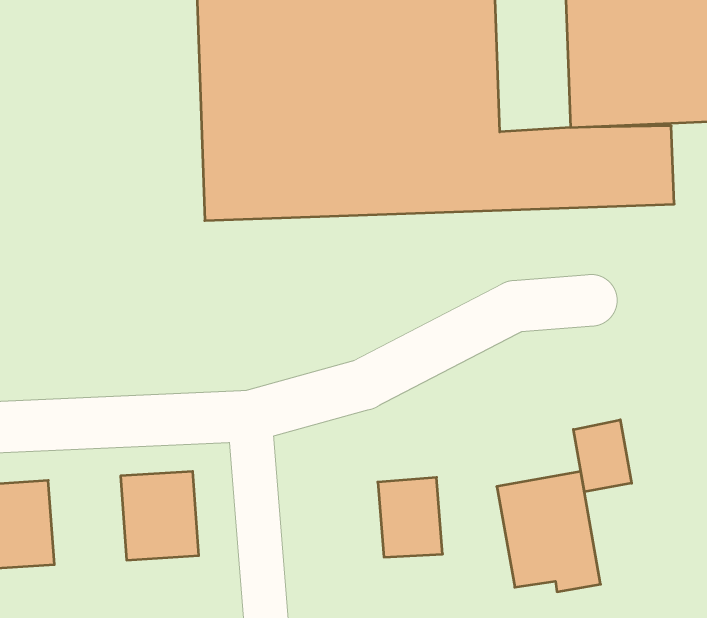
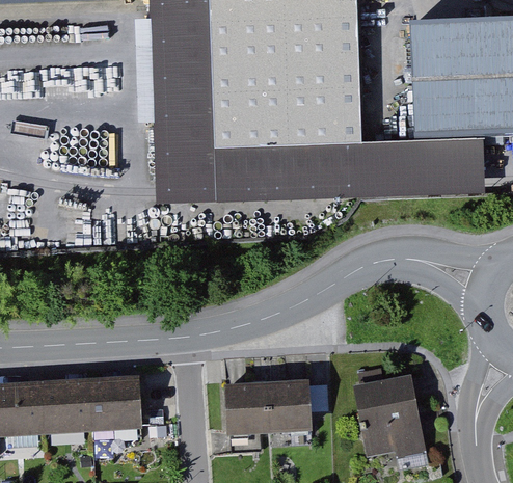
building: [573,420,632,492] -> none
building: none -> [49,378,103,439]
building: none -> [236,382,280,437]

